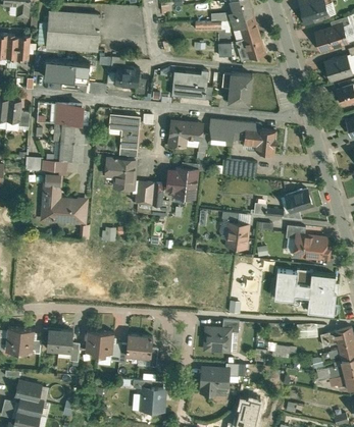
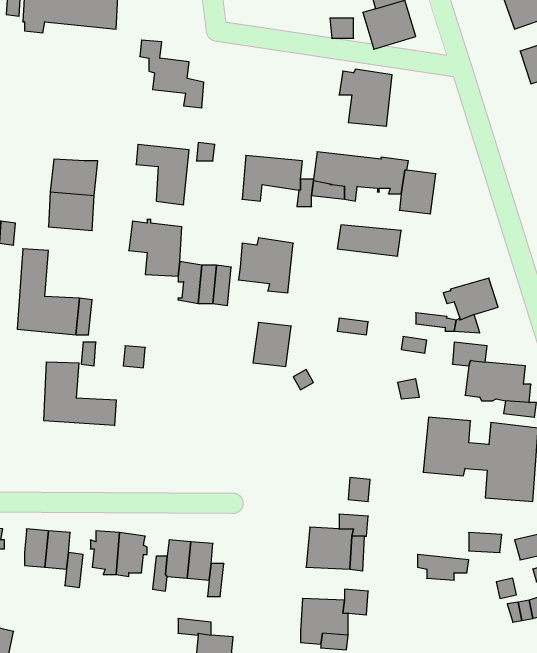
building: [43,59,89,83] -> none
building: [171,71,208,99] -> none
building: [56,103,82,124] -> none
building: [226,223,248,248] -> [253,322,291,366]
building: none -> [44,362,116,426]

